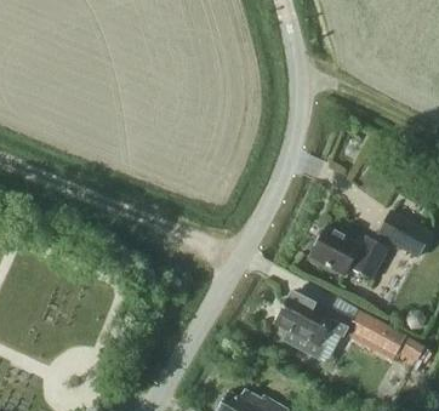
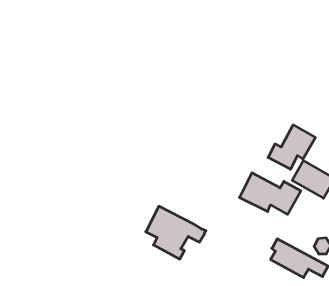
building: none -> [268,125,315,169]
building: [274,291,352,359] -> [146,206,206,259]

